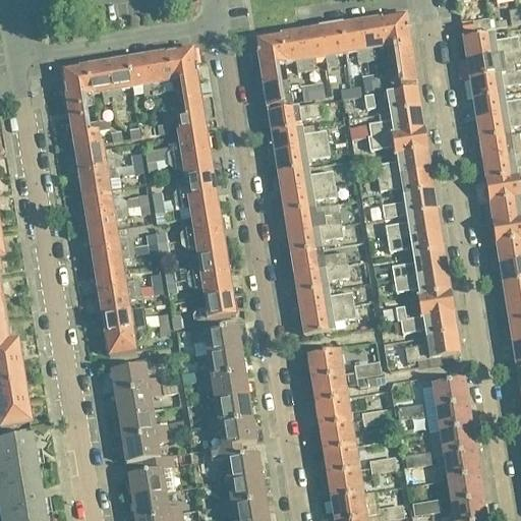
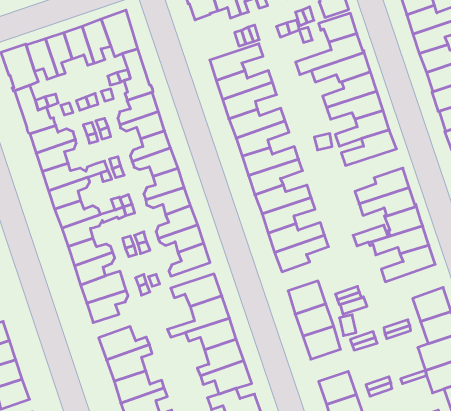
building: [260,64,292,106] -> none
building: [387,230,444,255] -> none
building: [320,421,355,450] -> none

